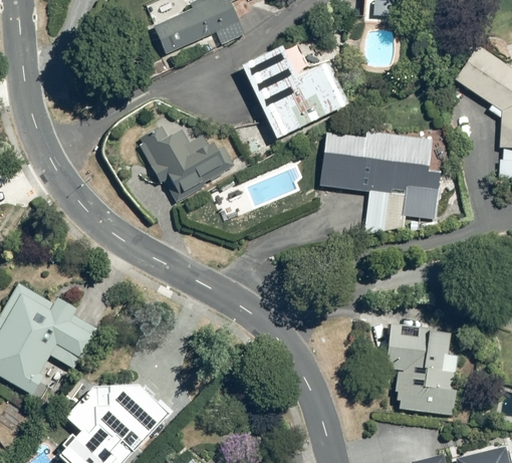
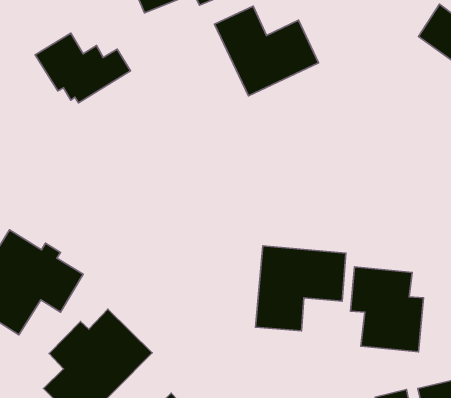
building: [139,120,240,194] -> [35,33,130,103]
building: [320,131,441,234] -> none
building: none -> [256,246,346,331]

